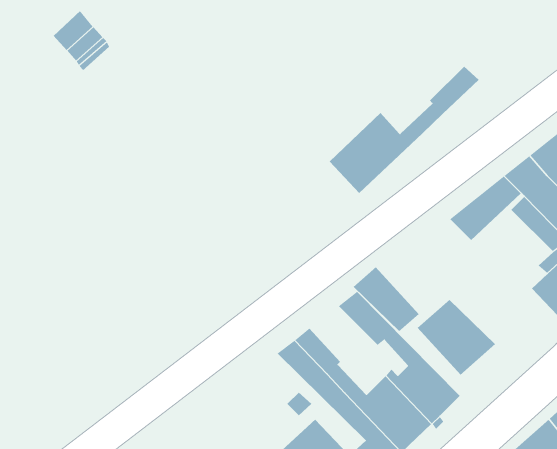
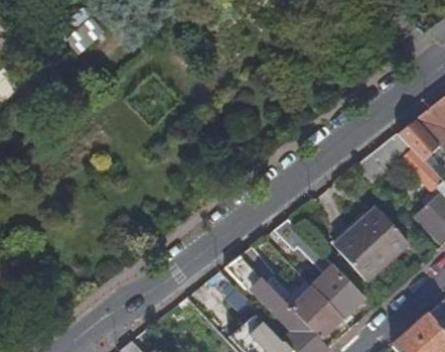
building: [329,66,480,194] -> none
building: [353,267,419,332] -> [355,211,405,259]

